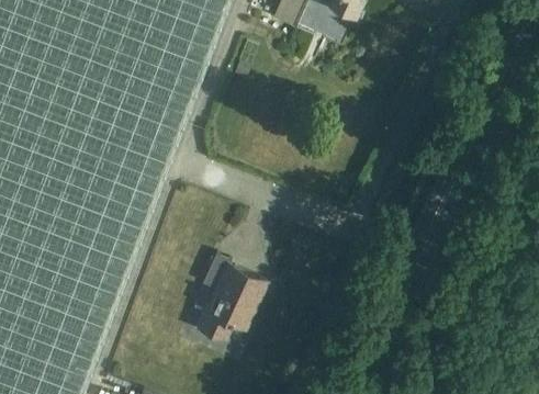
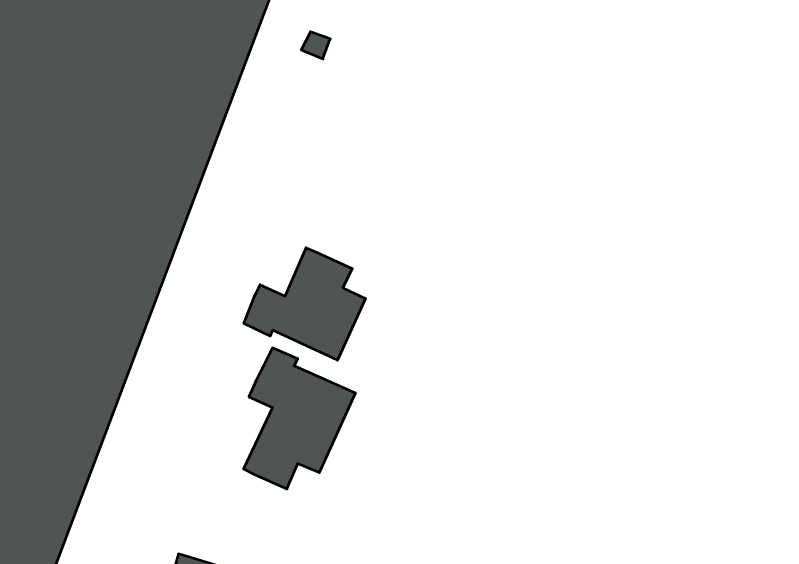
building: none -> [244,248,365,360]

